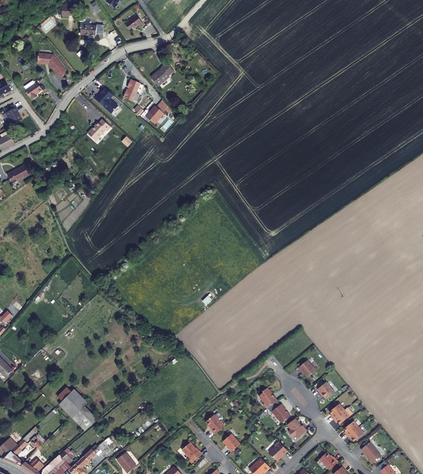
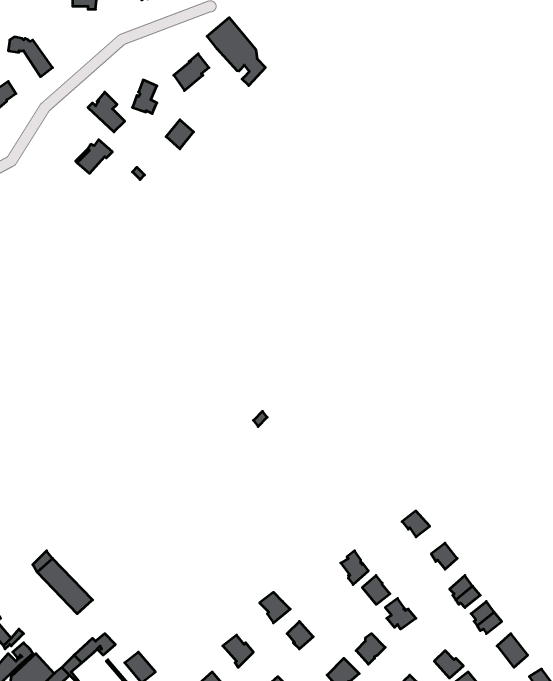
building: none -> [207,18,265,86]

